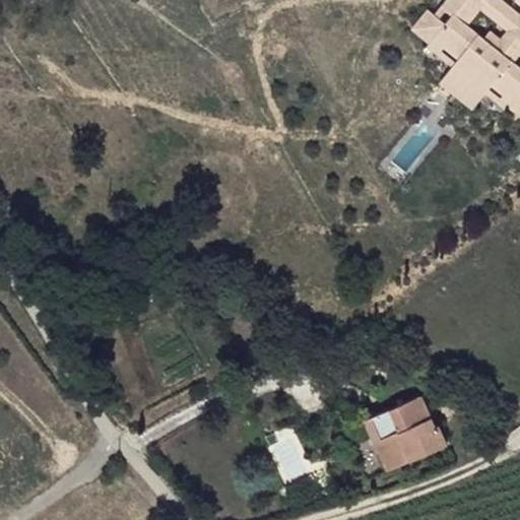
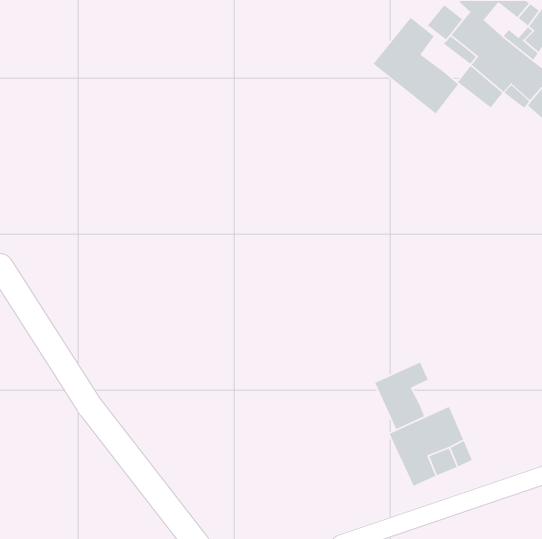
building: none -> [373,17,459,115]
building: none -> [374,361,429,430]

